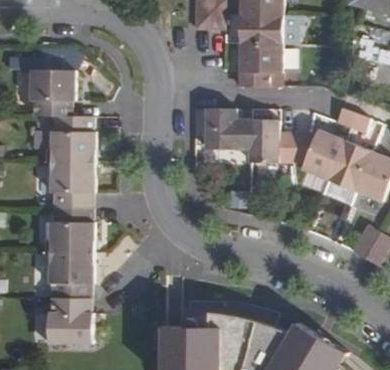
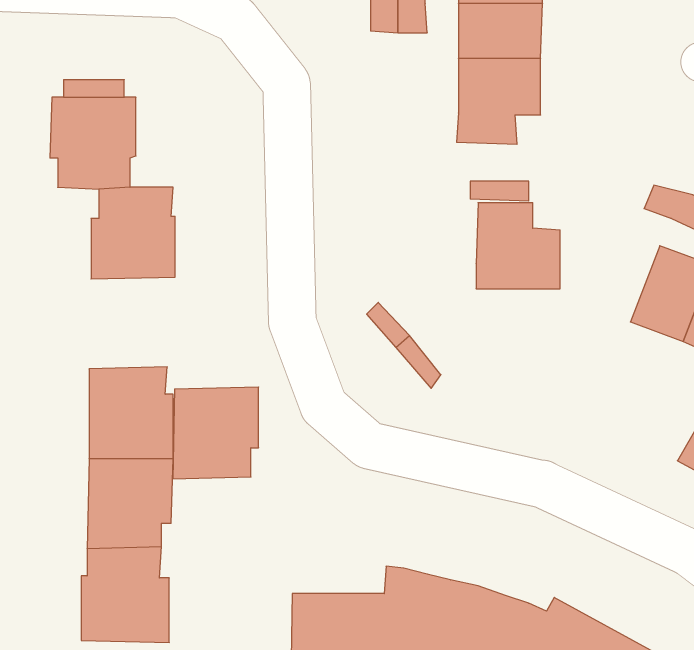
building: [206,108,250,150] -> none
building: [292,130,344,180] -> none
building: [50,157,94,204] -> [173,387,259,479]

